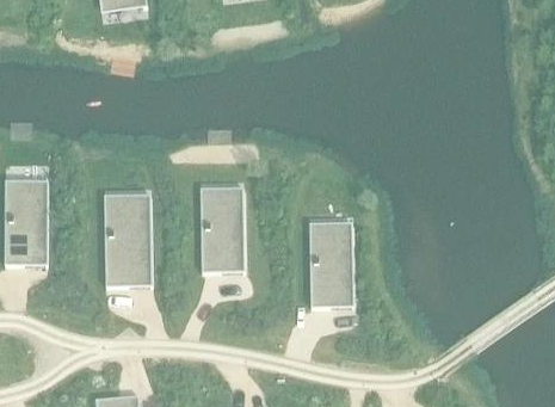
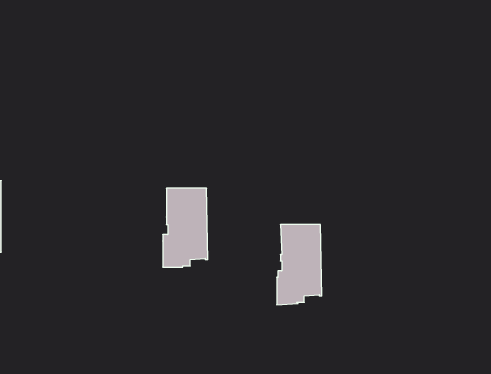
building: [103,203,149,286] -> none

